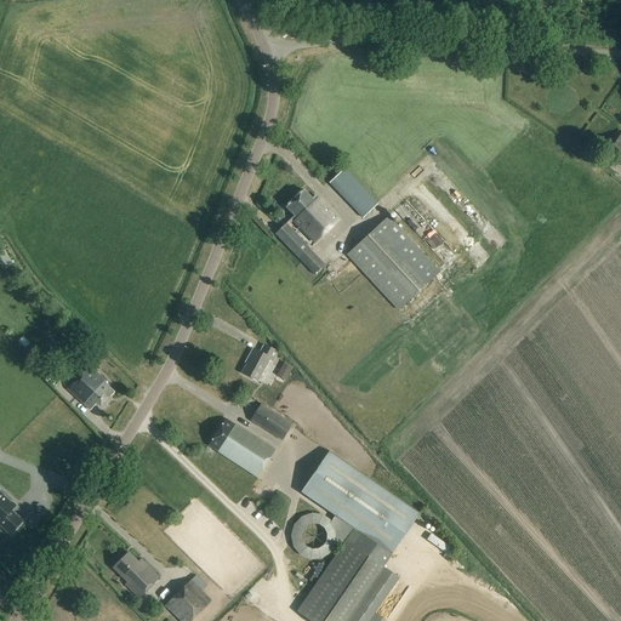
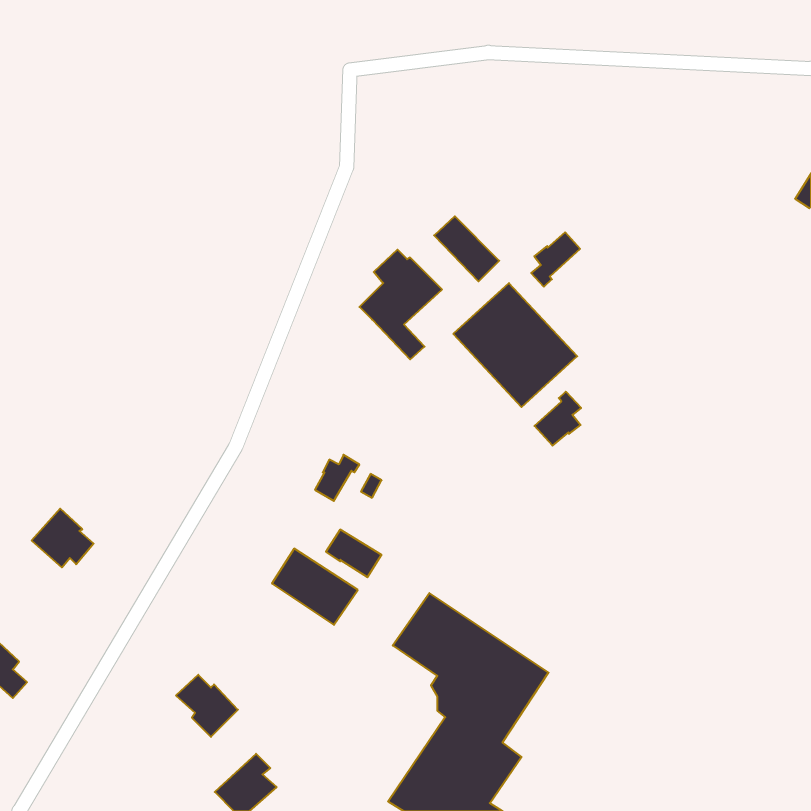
building: none -> [531,232,580,287]
building: none -> [534,392,581,446]
building: [65,365,113,410] -> [32,509,94,567]
building: [112,552,159,599] -> [176,675,238,737]

